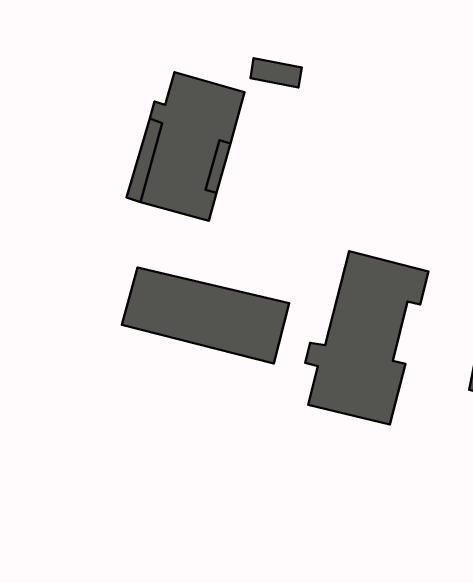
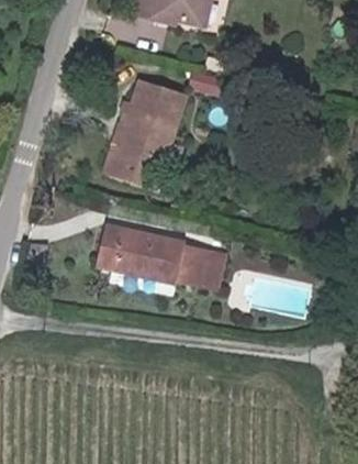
building: [305,251,428,424] -> none

